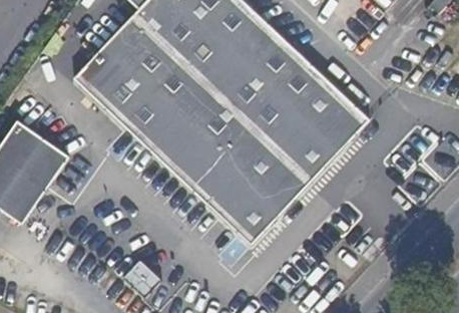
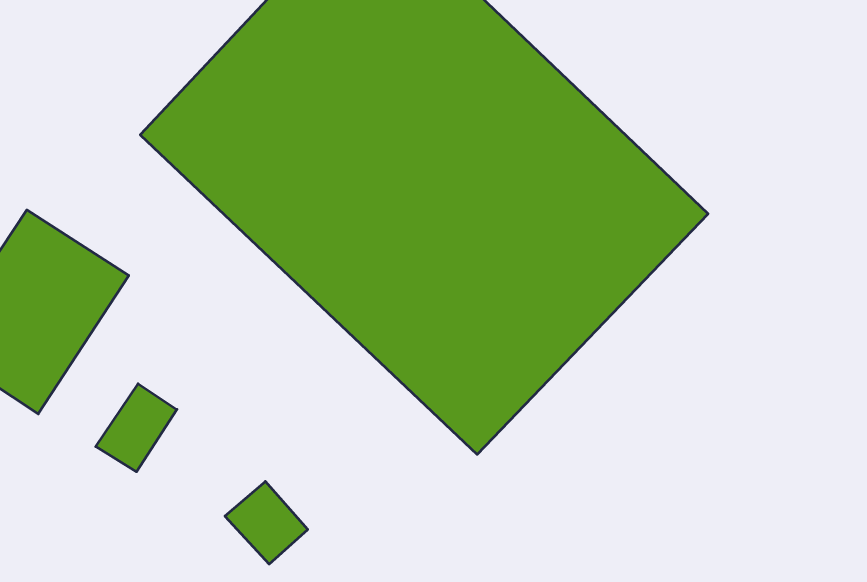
building: none -> [96,384,177,472]

